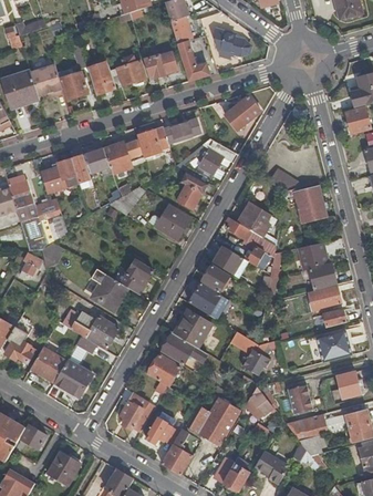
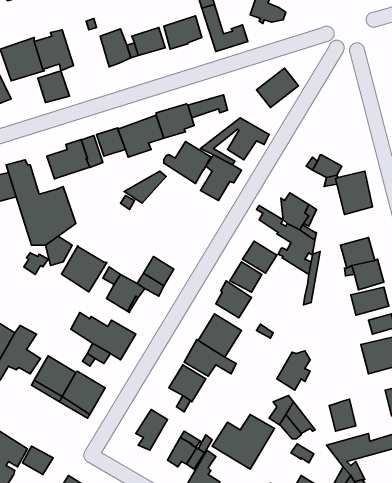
building: [61,72,89,100] -> [38,71,70,103]
building: [151,204,191,240] -> [164,142,211,184]
building: none -> [61,246,107,292]

